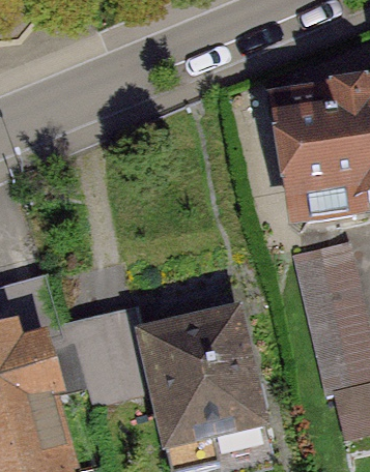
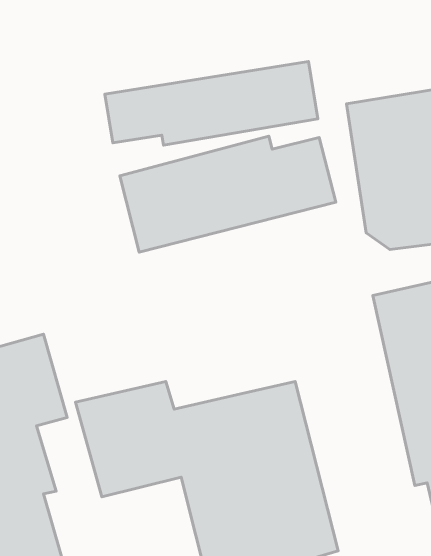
building: none -> [105,61,318,145]
building: none -> [120,136,336,252]

